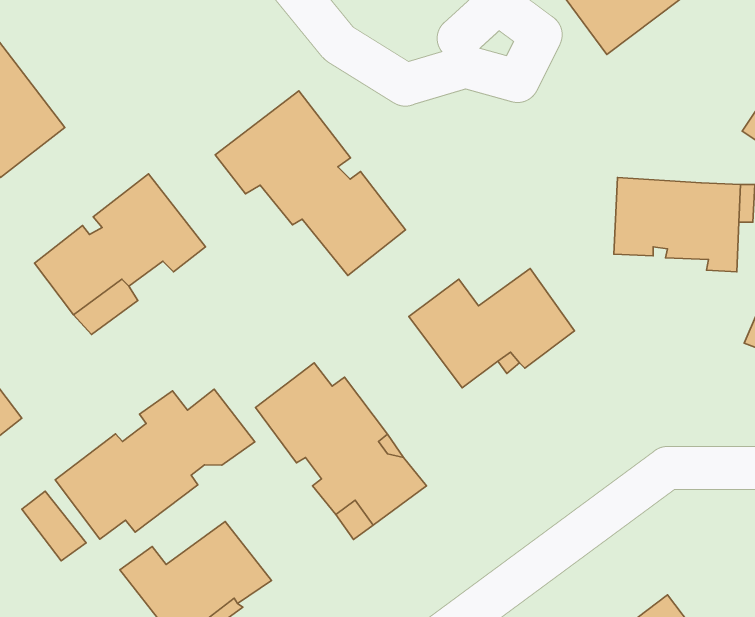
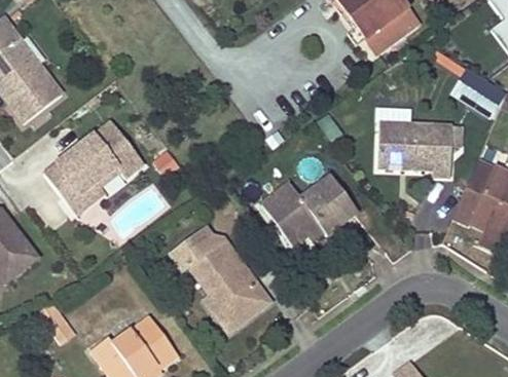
building: [215,91,406,276] -> none
building: [55,389,255,539] -> none

